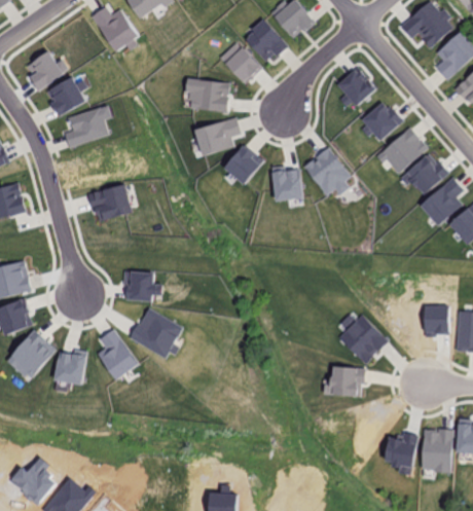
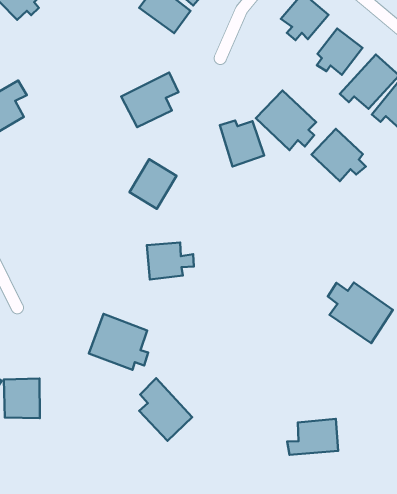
building: [181,77,230,114] -> none
building: [223,143,264,185] -> [130,159,177,209]
building: [89,183,134,224] -> none
building: none -> [312,129,366,181]
building: [124,271,163,301] -> [147,243,194,280]
building: [98,328,141,381] -> [139,378,192,441]
building: [322,368,365,397] -> [287,419,338,455]

